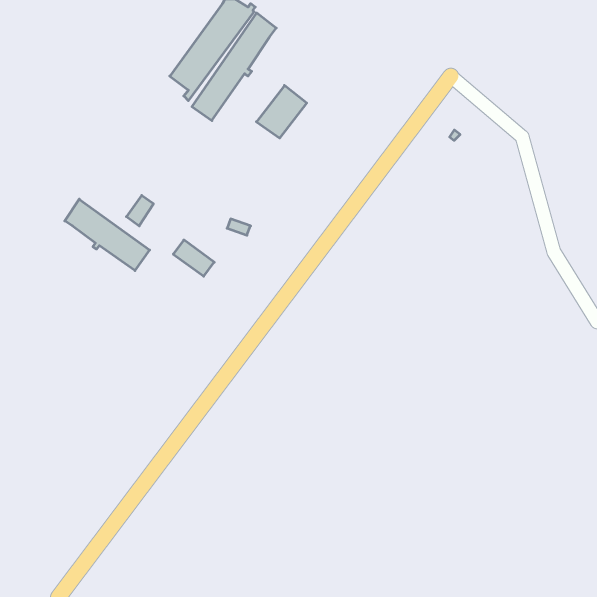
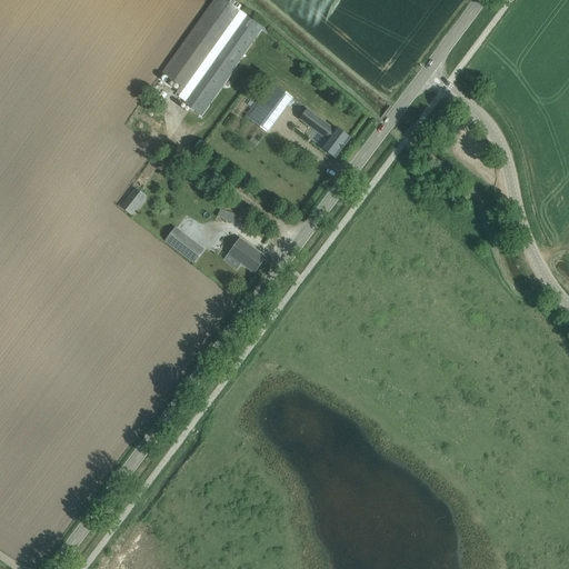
building: none -> [298,108,349,157]
building: [65,199,150,271] -> none
building: none -> [223,238,264,271]

